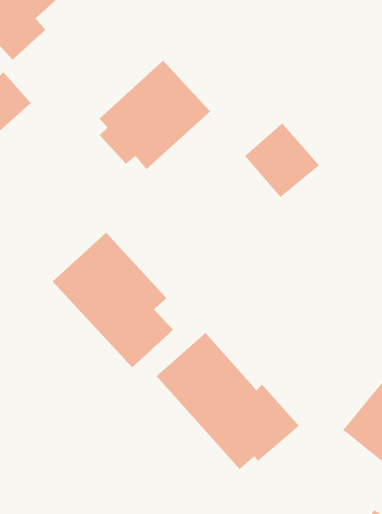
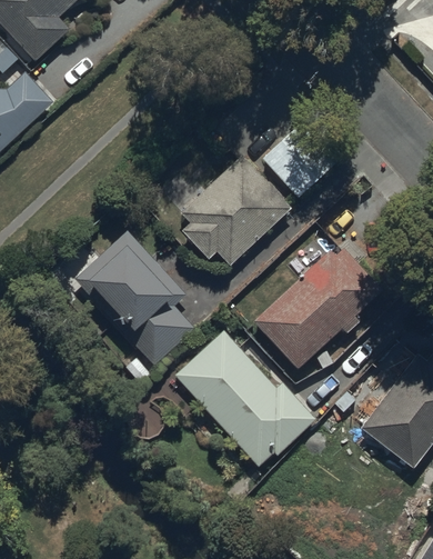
building: [99,60,211,170] -> [180,156,290,264]
building: none -> [252,248,380,370]

